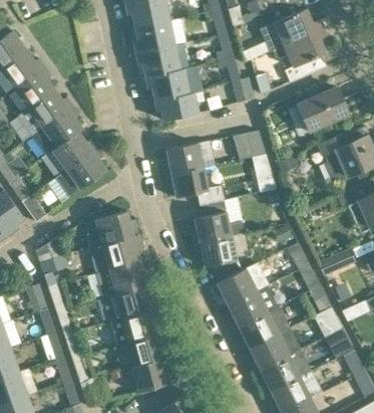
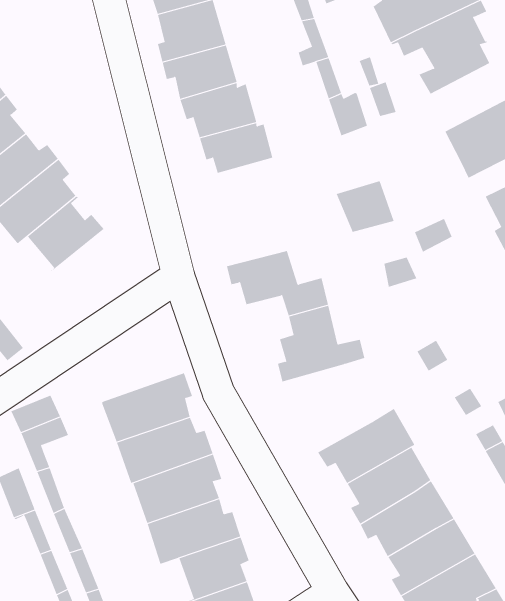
building: [164,143,203,174] -> none
building: [56,148,107,197] -> none
building: [86,210,138,248] -> none
building: [195,235,246,285] -> none

